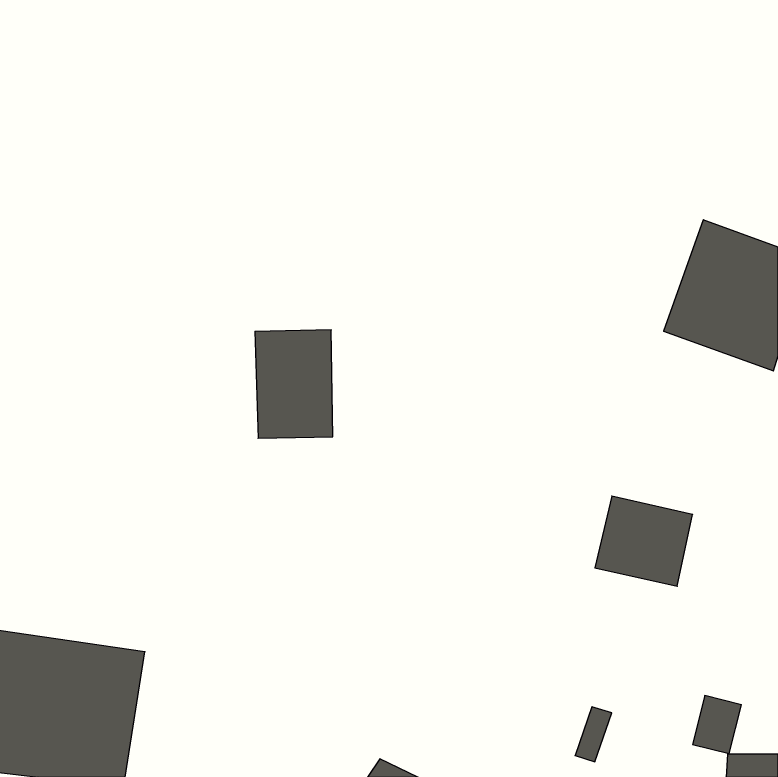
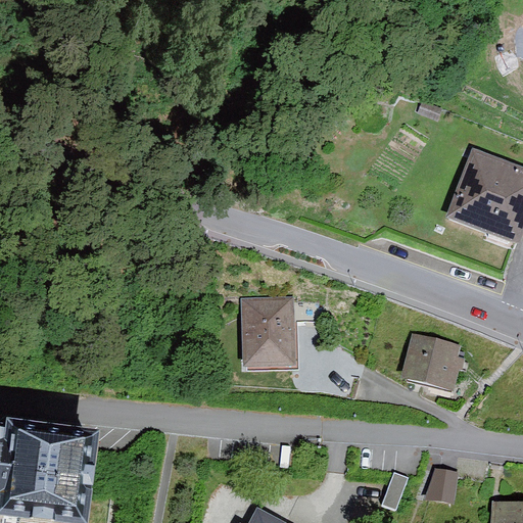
building: [255,330,333,438] -> [241,298,293,371]
building: [693,696,741,754] -> [429,467,462,506]

